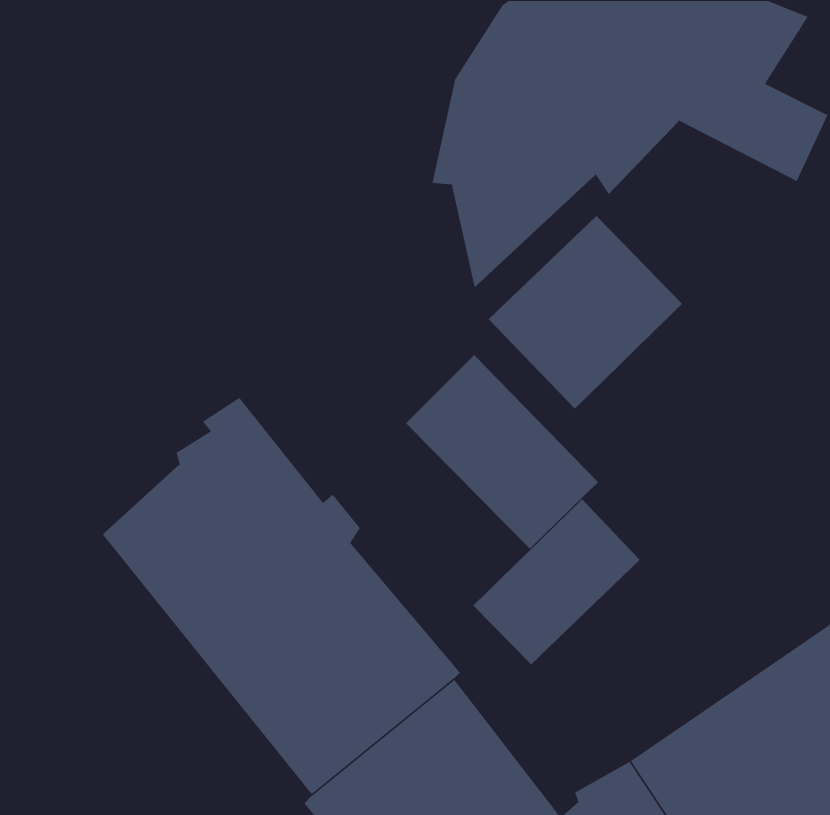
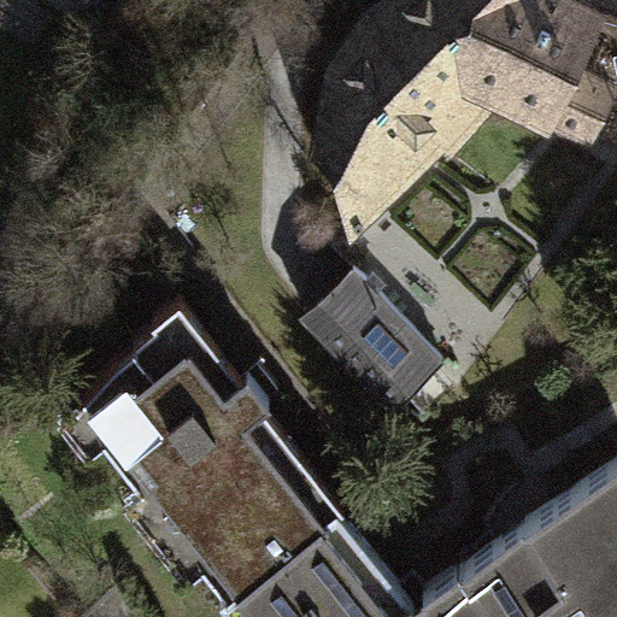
building: [488,215,683,410] -> none
building: [473,498,640,665] -> none

